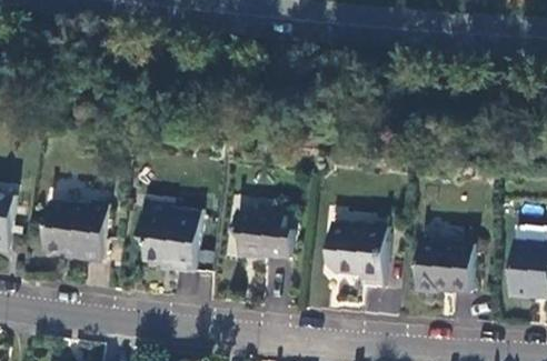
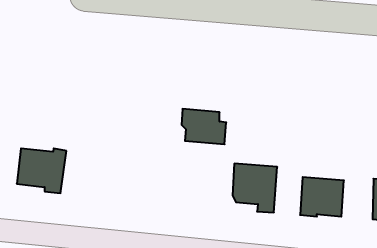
building: [137,208,199,264] -> none
building: [231,210,290,257] -> [182,109,226,144]

